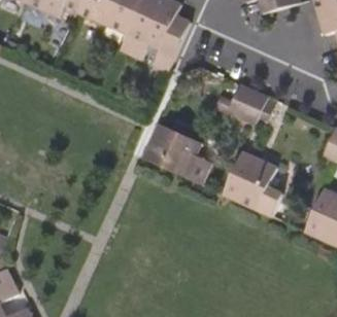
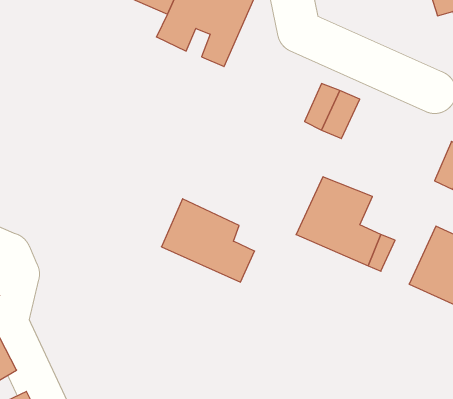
building: [144,124,212,184] -> [161,199,255,282]

